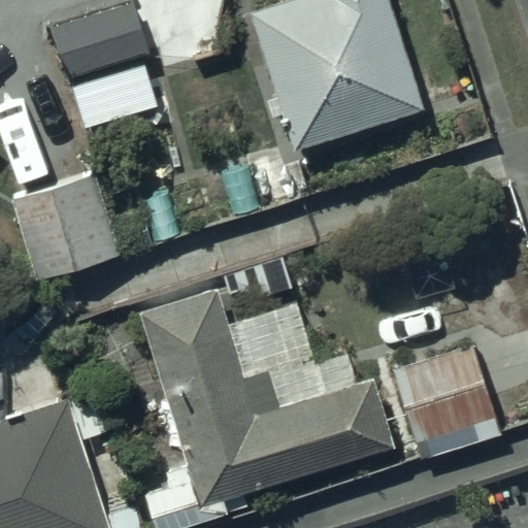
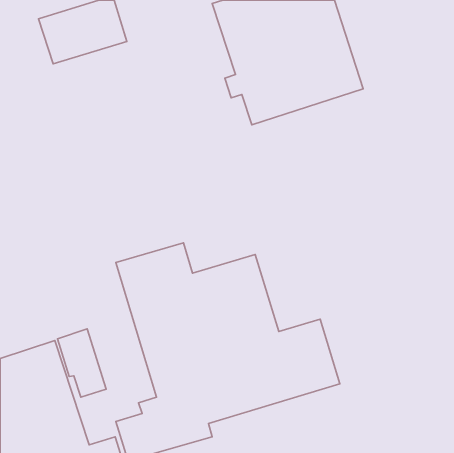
building: [11,173,122,283] -> none
building: [390,341,502,461] -> none

